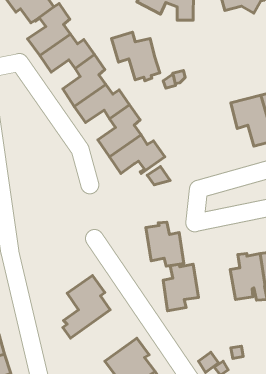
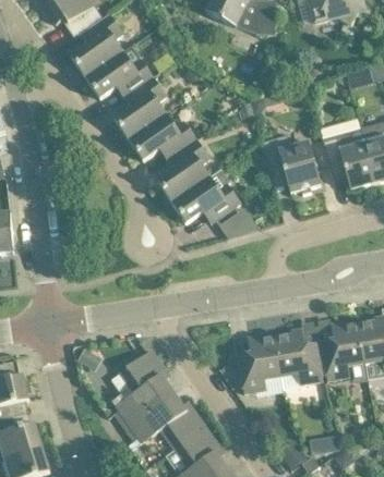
building: [111,32,160,81] -> [261,134,321,194]
building: [146,222,184,266] -> [275,329,322,383]
building: none -> [123,392,205,455]

